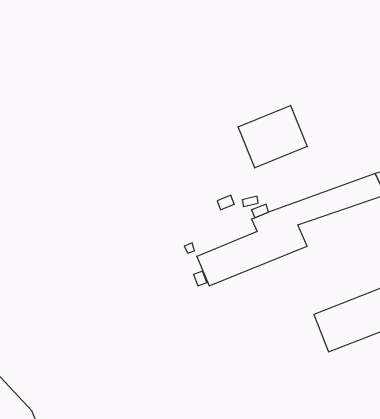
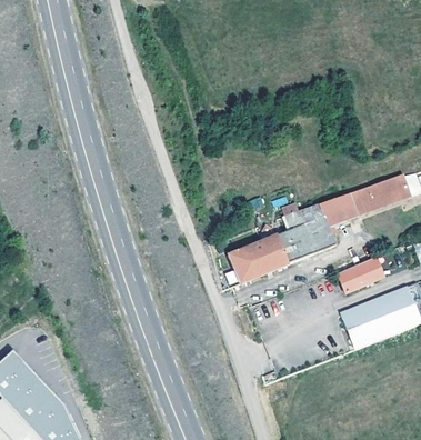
building: [238,105,307,168] -> none
building: none -> [338,257,383,291]

